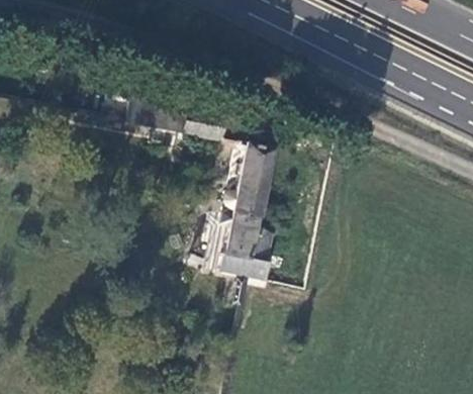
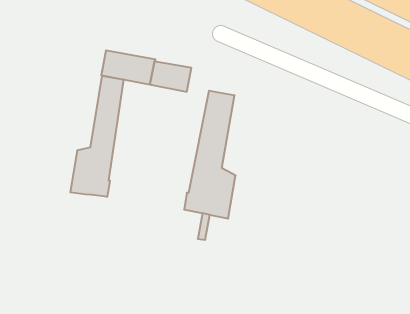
building: none -> [70,76,123,197]

